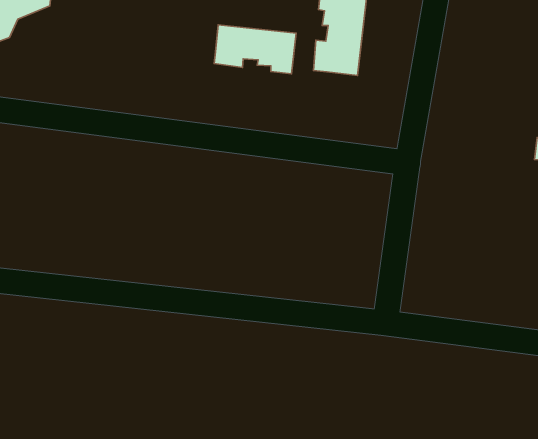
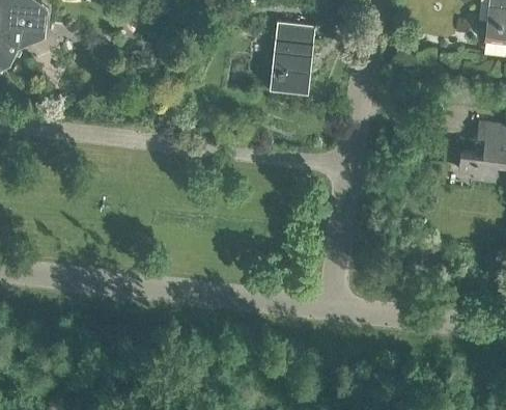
building: [214,25,296,74] -> none

